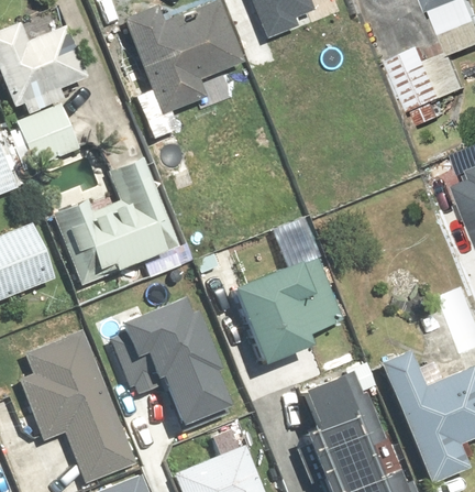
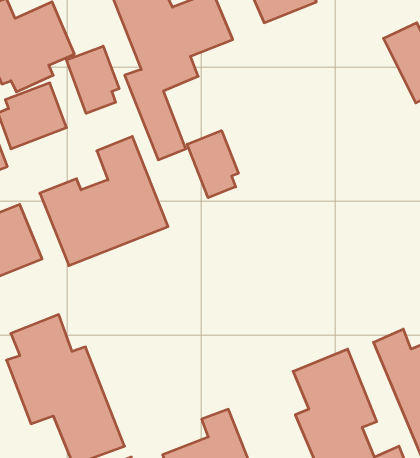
building: none -> [66,46,119,113]
building: none -> [187,131,238,198]
building: [233,254,341,364] -> none
building: [110,293,242,427] -> none

